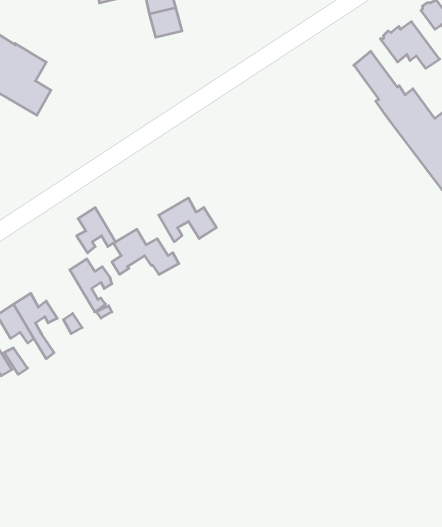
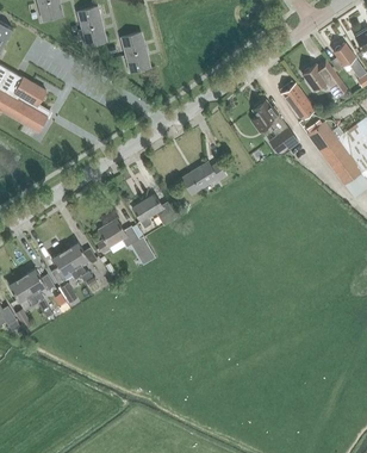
building: none -> [250,98,296,148]
building: none -> [181,161,225,193]
building: [77,208,116,253] -> [50,249,80,284]

